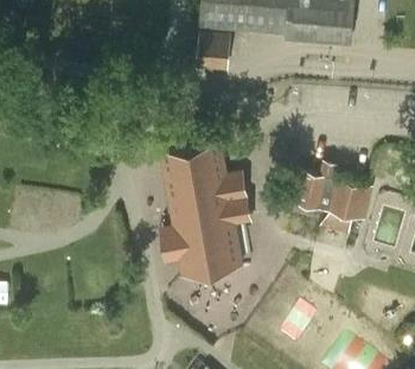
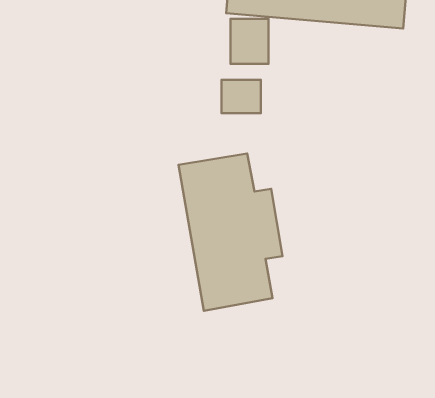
building: none -> [221,80,261,113]
building: [288,170,370,228] -> none

